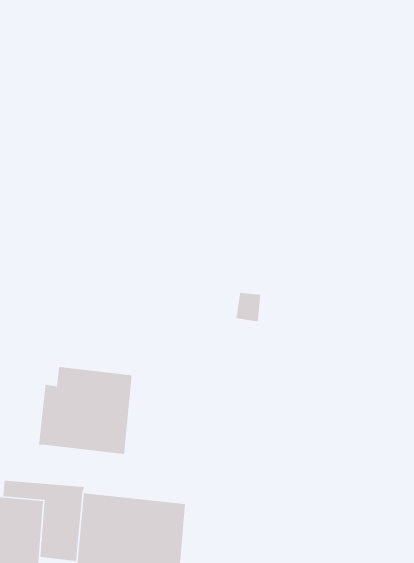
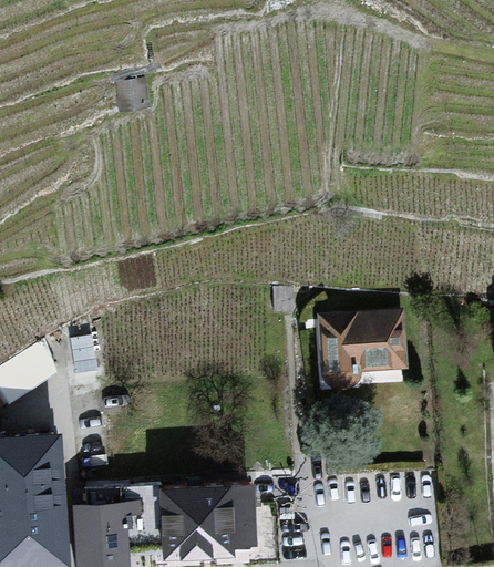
building: none -> [318,312,408,393]
building: [38,366,132,455] -> none

